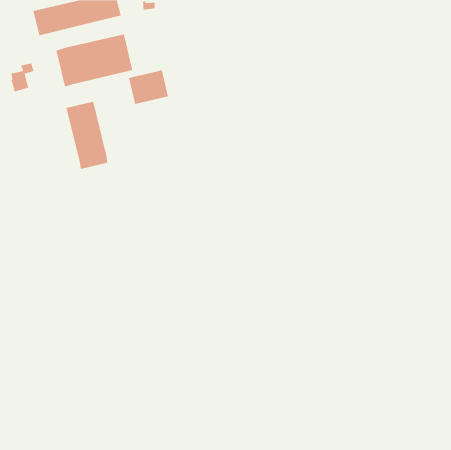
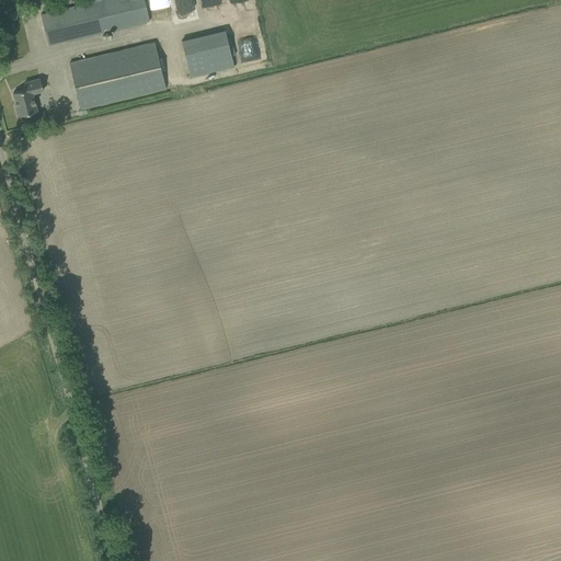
building: [128,70,169,105] -> [183,32,233,76]
building: [66,101,108,170] -> none

